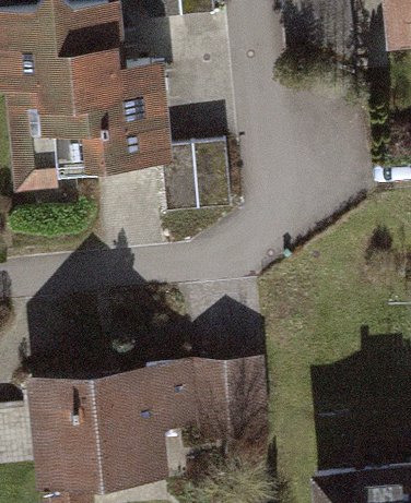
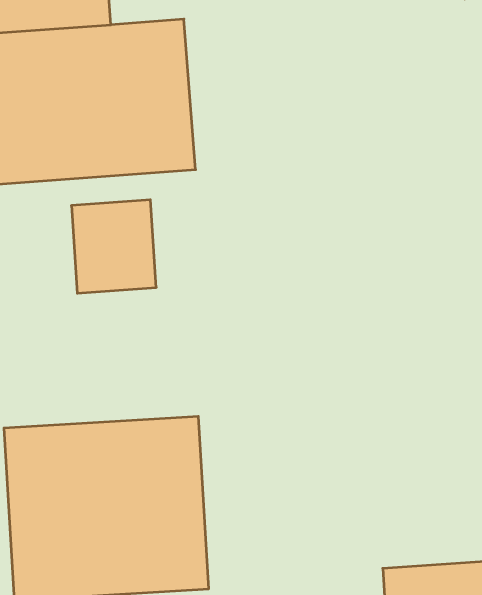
building: [174,144,237,214] -> [71,200,156,293]
building: [196,358,280,444] -> none

